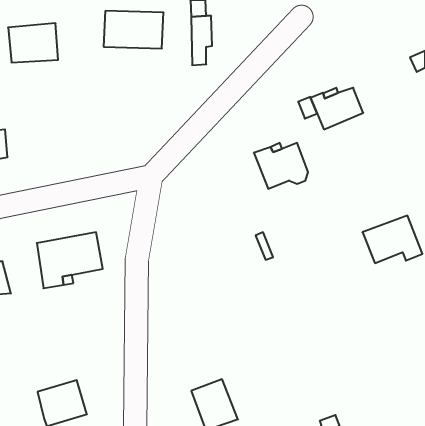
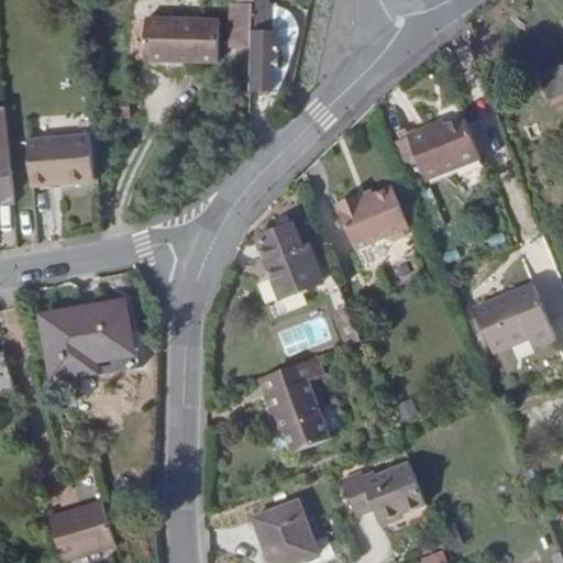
building: [8,23,58,62] -> [24,133,90,185]
building: none -> [260,221,322,294]
building: none -> [268,374,333,448]
building: none -> [342,462,424,522]

